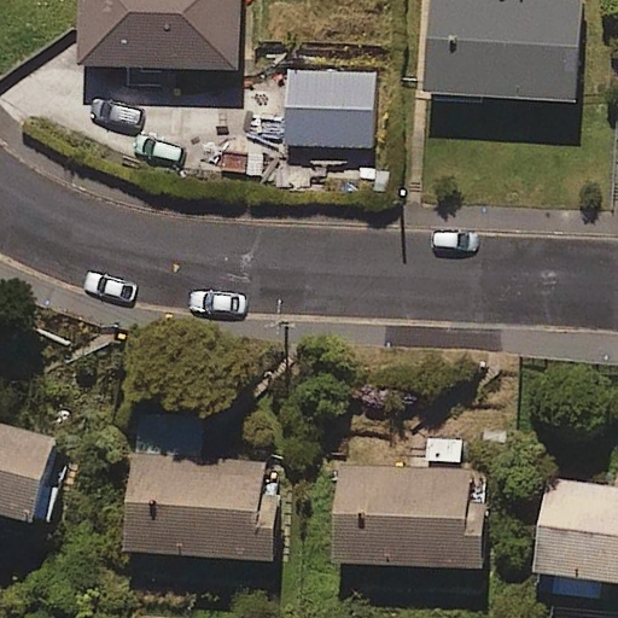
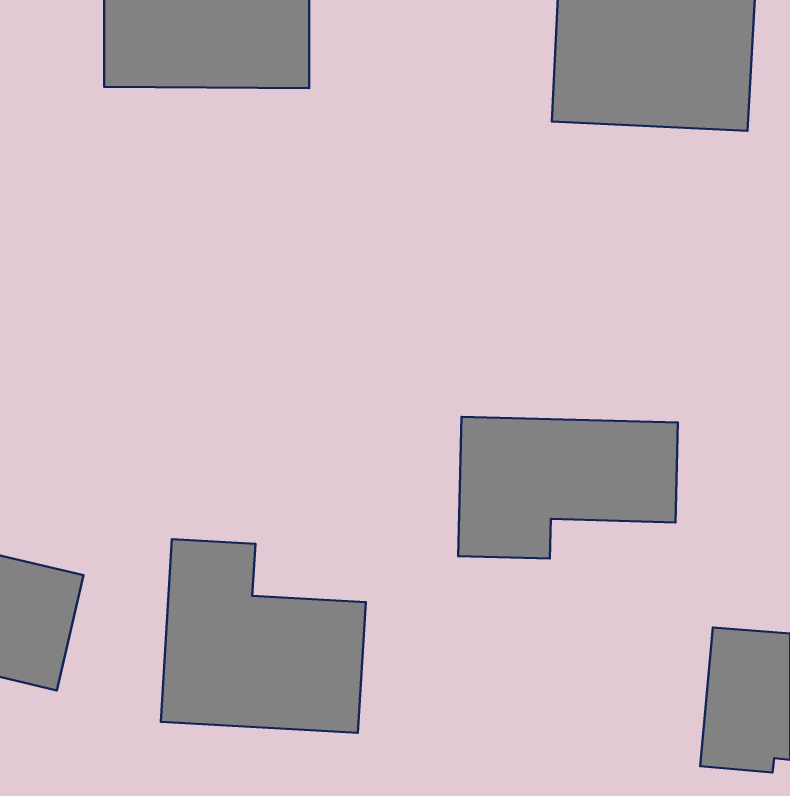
building: [282,66,367,144] -> none
building: none -> [458,417,678,559]
building: [336,464,486,569] -> none

